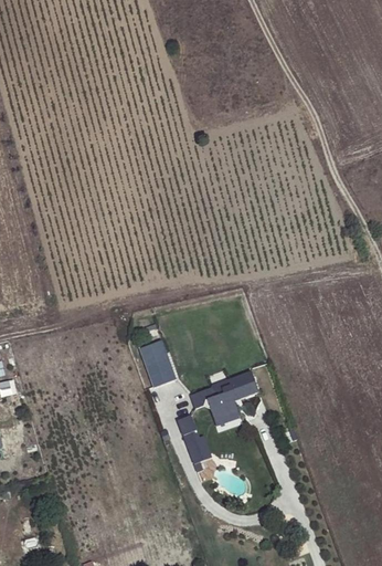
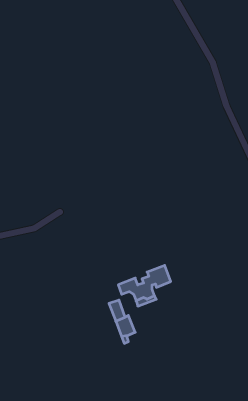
building: [140,337,179,386] -> none

